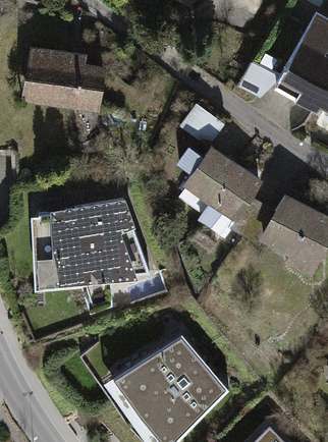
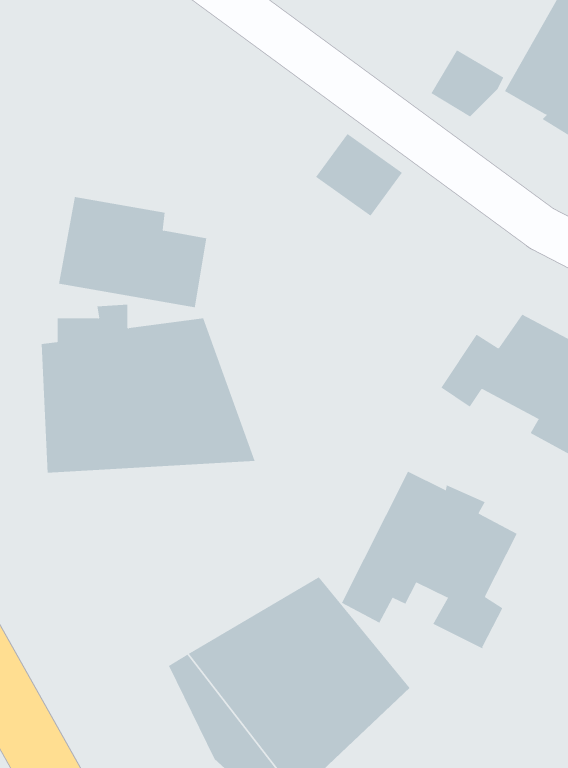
building: [28,49,104,106] -> [58,196,207,308]
building: [179,149,263,236] -> none
building: none -> [341,471,518,649]

